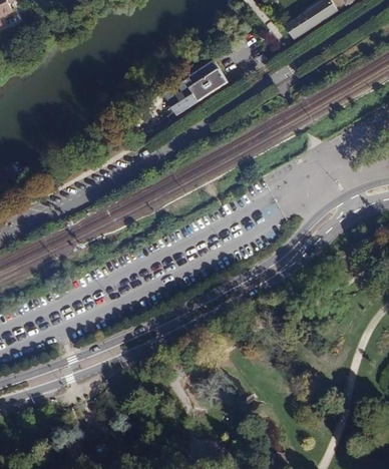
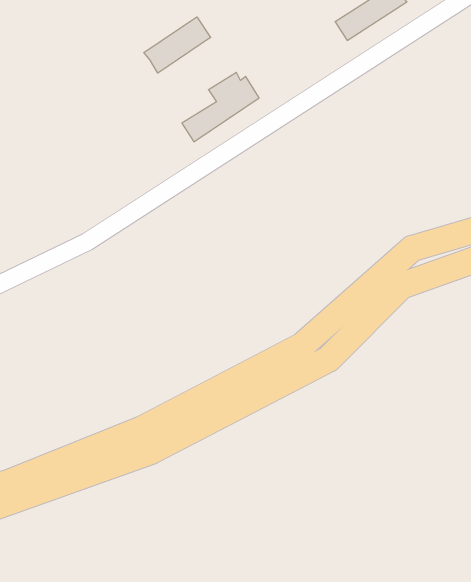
building: none -> [144,17,211,73]

